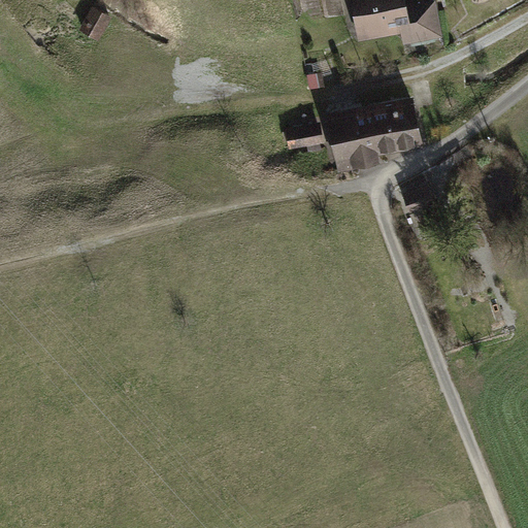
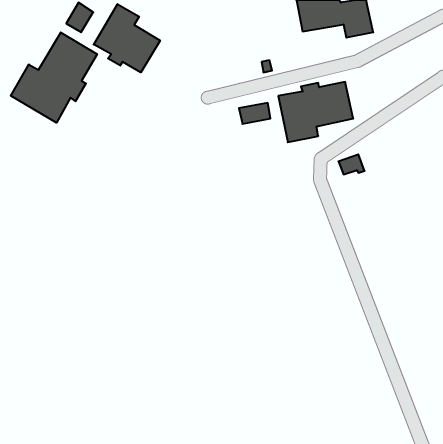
building: none -> [94,4,160,72]
building: none -> [11,32,97,123]

